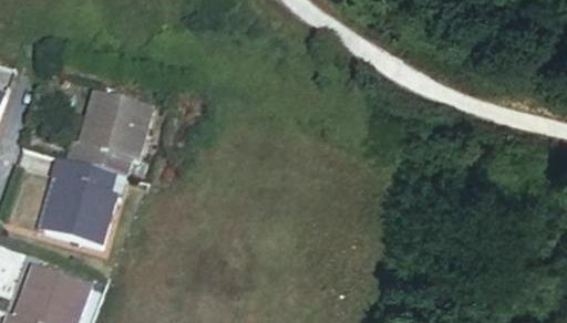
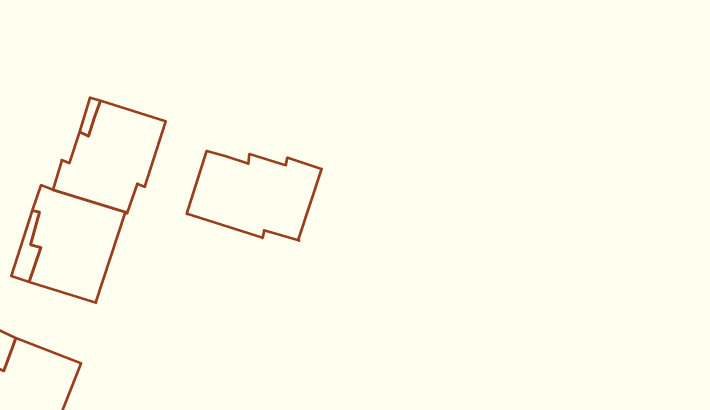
building: none -> [187,151,322,241]

